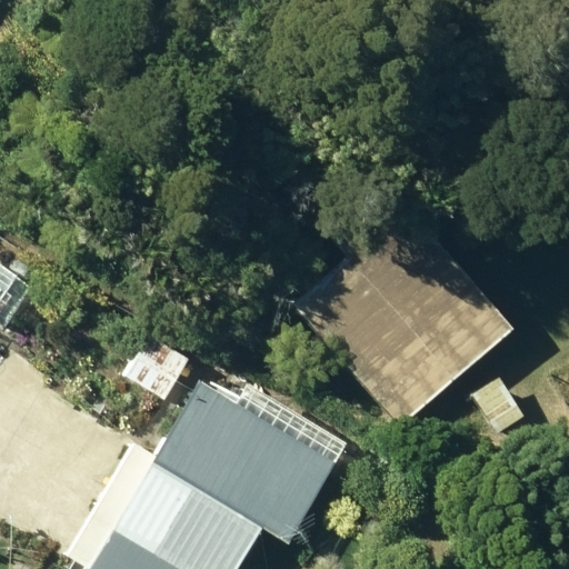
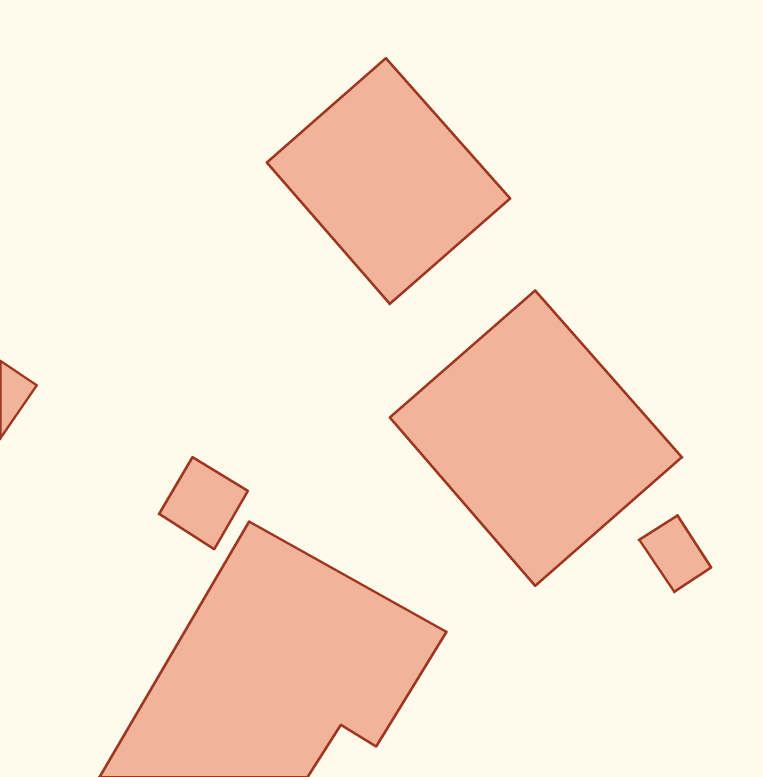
building: none -> [267,58,510,304]

